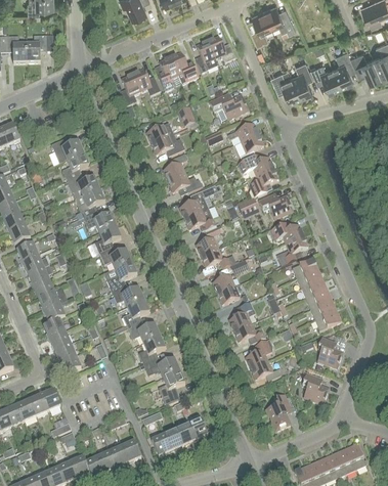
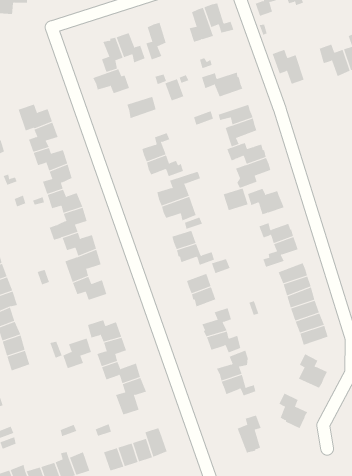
building: [170,51,198,81] -> none
building: [292,60,313,96] -> none
building: [150,133,184,156] -> [92,69,130,94]
building: [123,299,148,327] -> [62,338,92,369]

